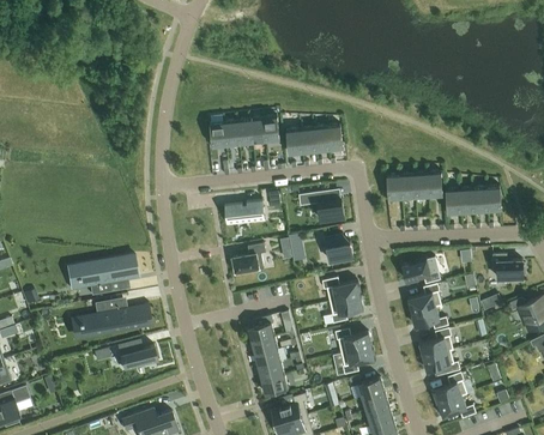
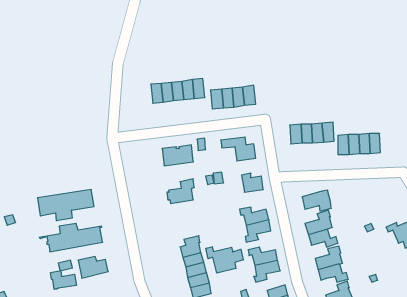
building: [491,254,525,279] -> none
building: none -> [206,247,243,273]
building: none -> [51,271,76,289]

